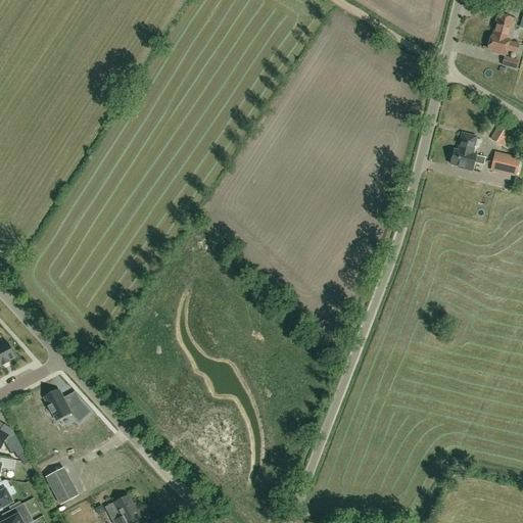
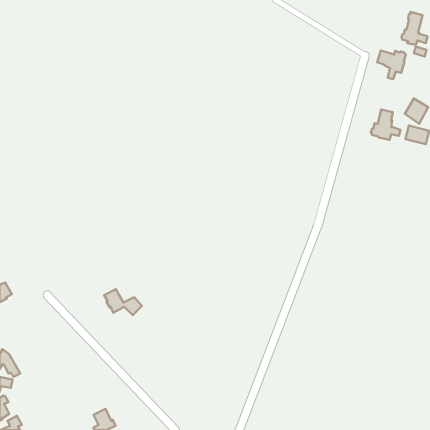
building: none -> [377,50,406,79]
building: [45,390,91,422] -> [104,289,142,315]
building: [45,468,78,505] -> none

